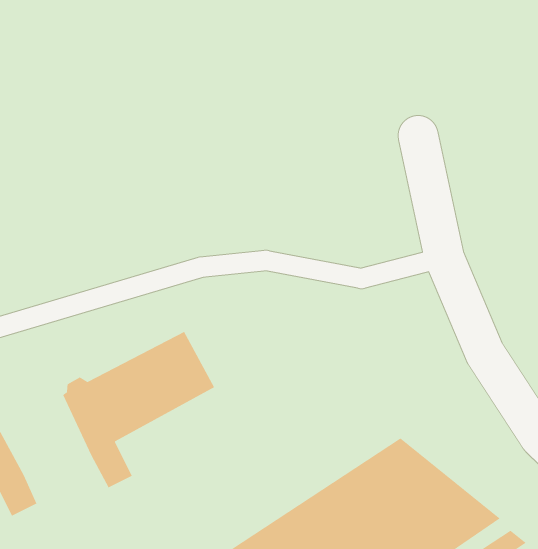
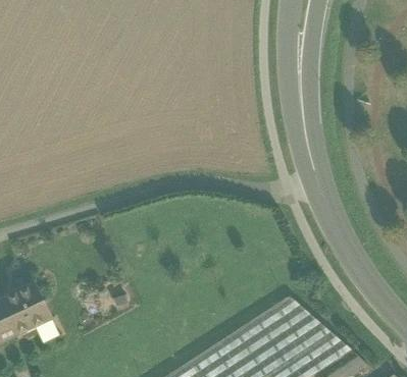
building: [62,331,215,488] -> none

